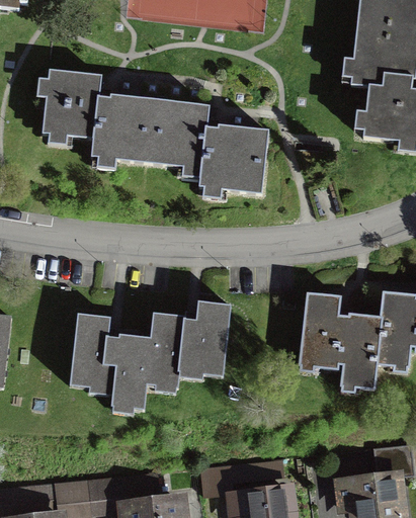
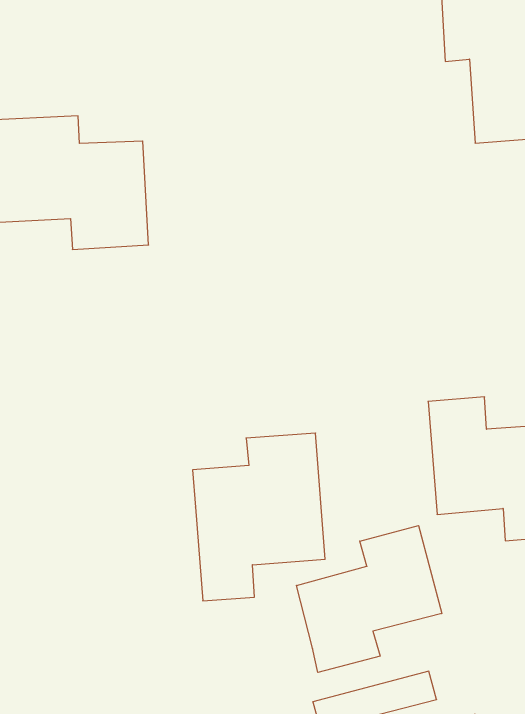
building: [146,102,280,200] -> none
building: [69,313,148,410] -> none
building: none -> [296,526,442,672]

